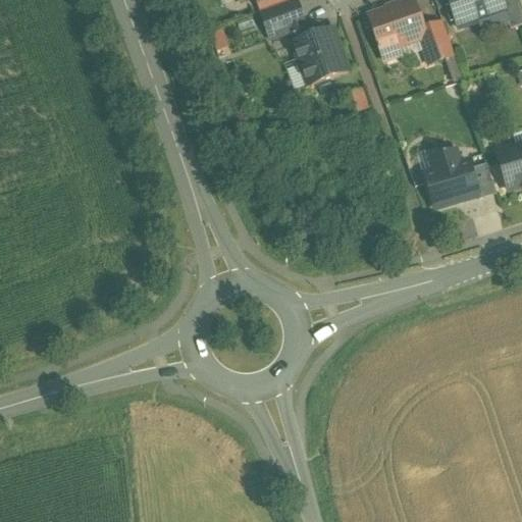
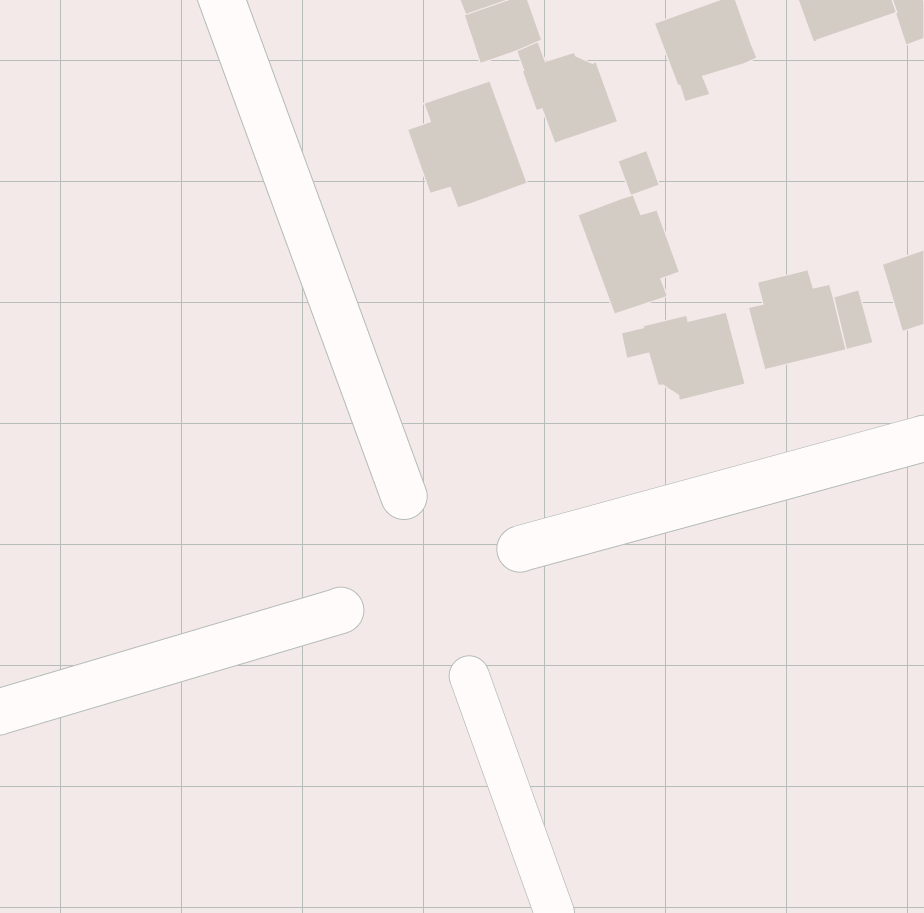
building: [419,19,454,61] -> none
building: none -> [407,81,527,208]
building: none -> [578,195,679,314]
building: none -> [622,312,745,400]

